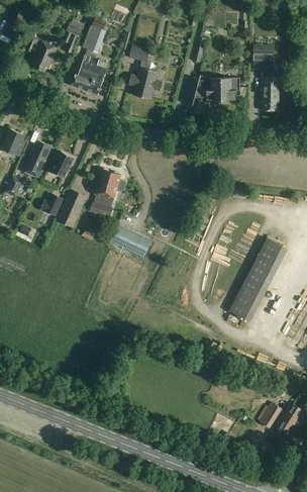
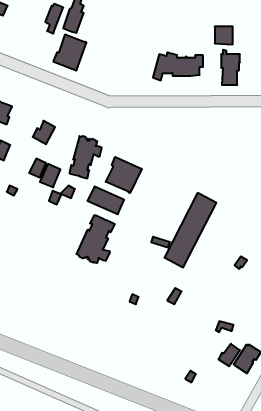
building: [29,38,57,72] -> none
building: [129,45,163,100] -> none
building: [22,141,52,178] -> none
building: none -> [106,157,142,193]
building: [229,237,288,321] -> [164,193,216,267]
building: none -> [77,215,115,263]

